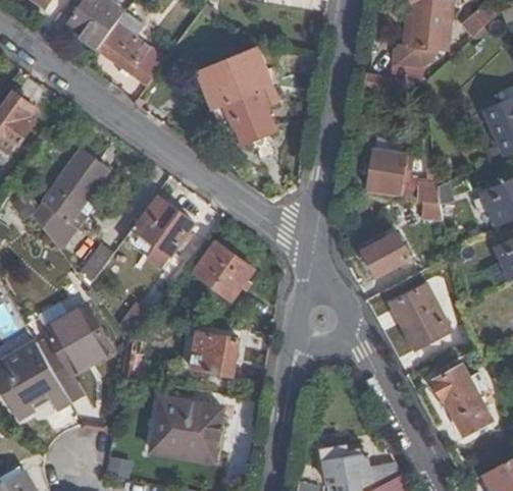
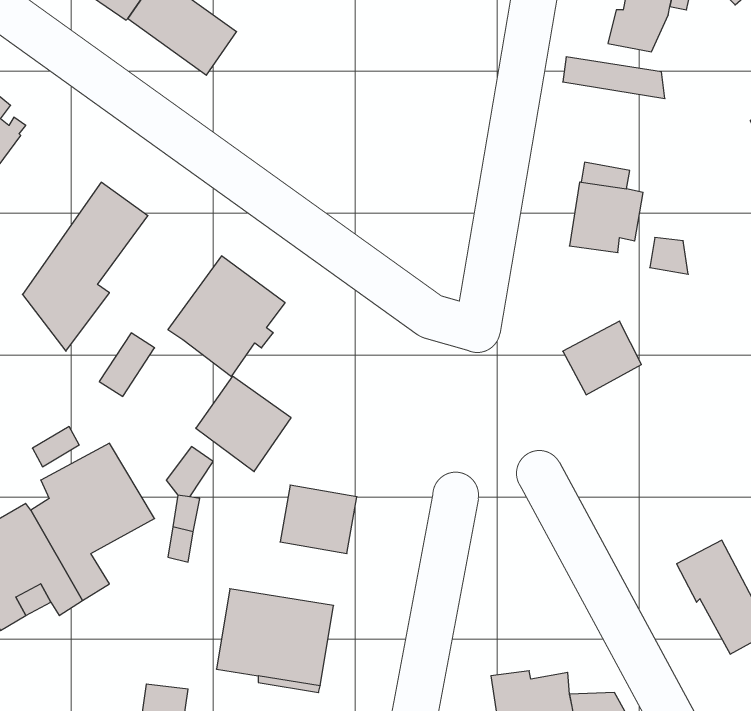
building: [197,47,278,145] -> none
building: [195,240,253,298] -> [196,376,291,472]
building: [392,285,450,350] -> none

